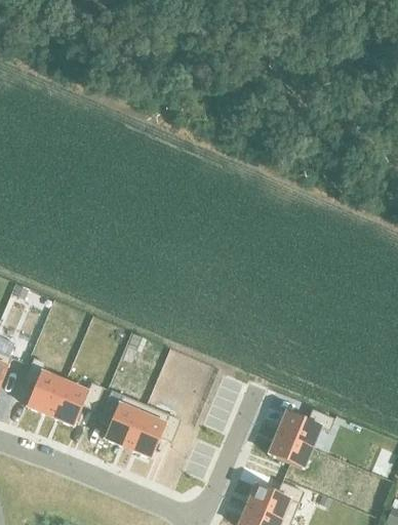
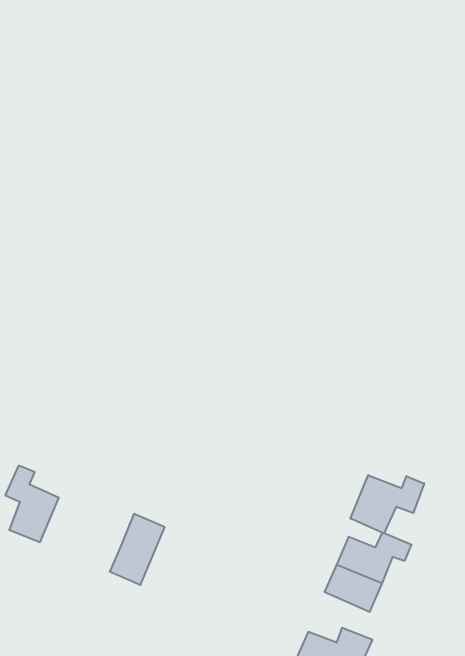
building: none -> [350,475,424,533]
building: [50,381,104,426] -> none
building: [127,404,182,457] -> none

